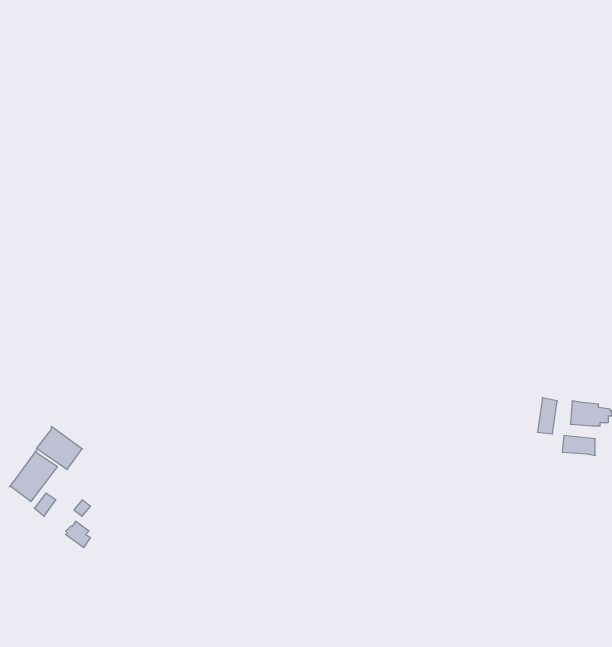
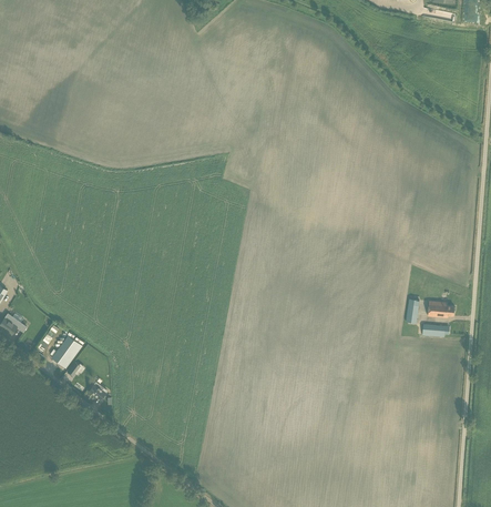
building: [36,426,83,470] -> none

